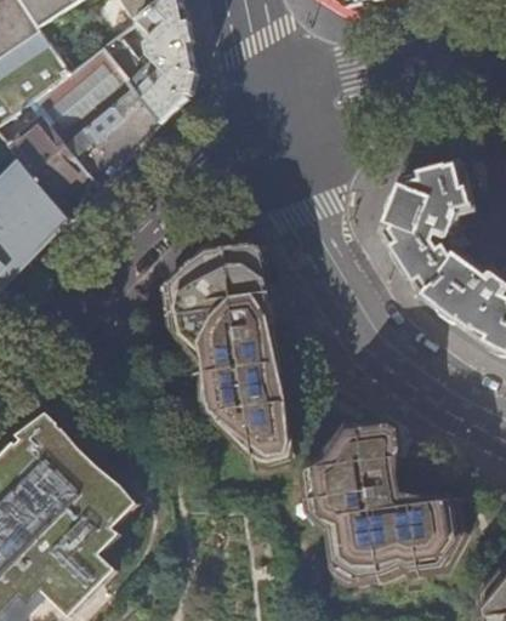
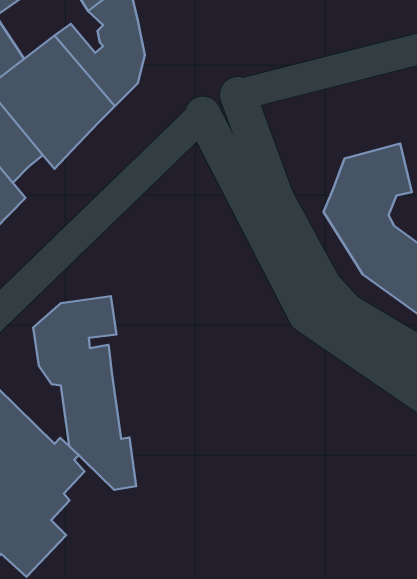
building: [174,251,282,454] -> [33,296,136,490]
building: [318,425,455,566] -> none

